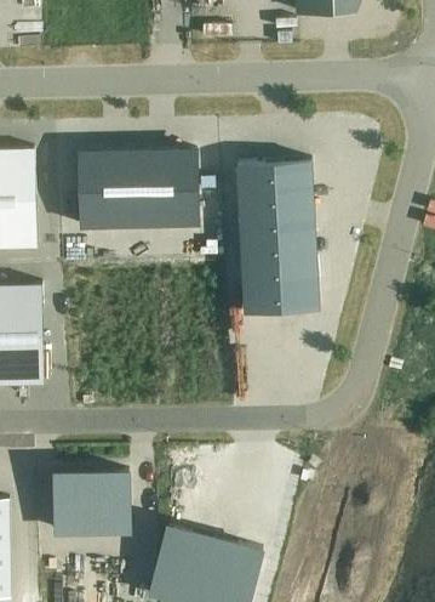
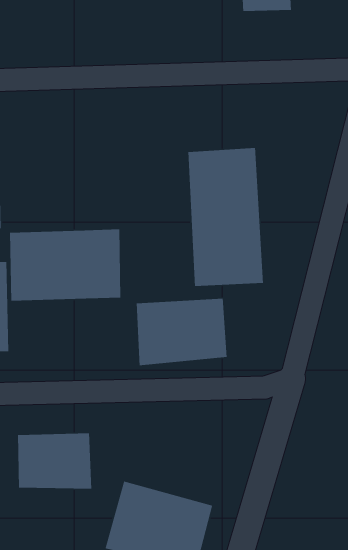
building: [78,150,199,229] -> [9,229,121,301]
building: none -> [136,298,228,366]

